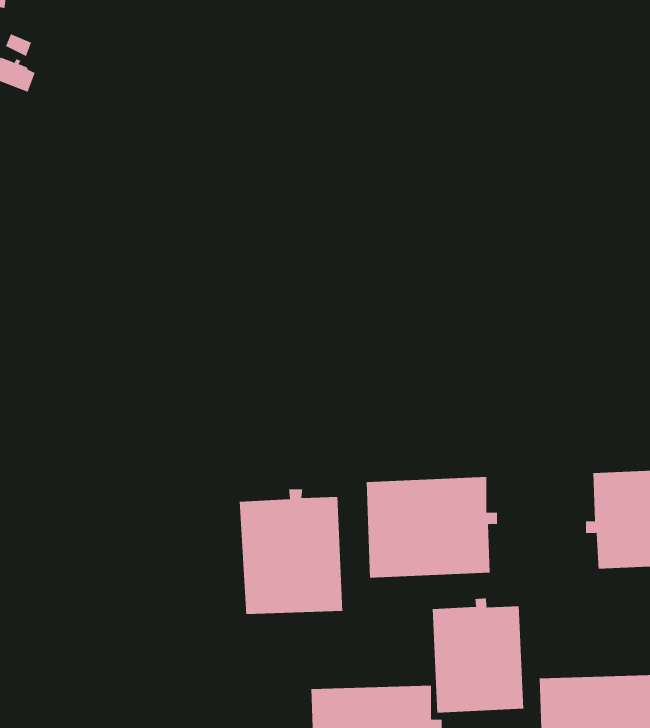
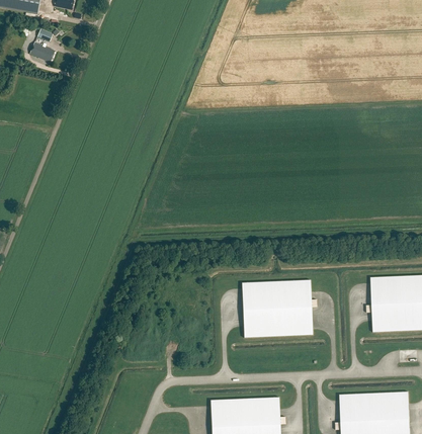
building: [239,488,343,615] -> none
building: [432,598,524,713] -> none

